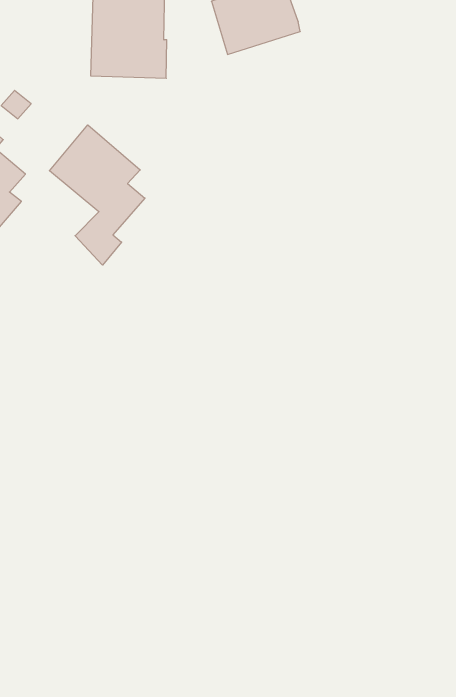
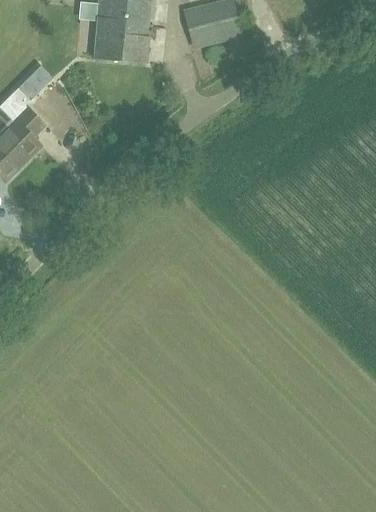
building: [49,125,145,265] -> none

